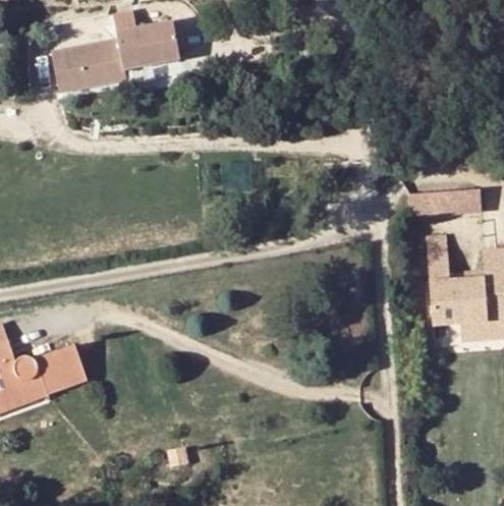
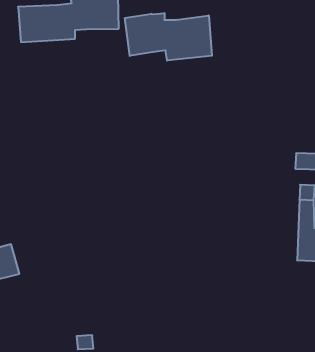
building: none -> [125,13,212,61]

